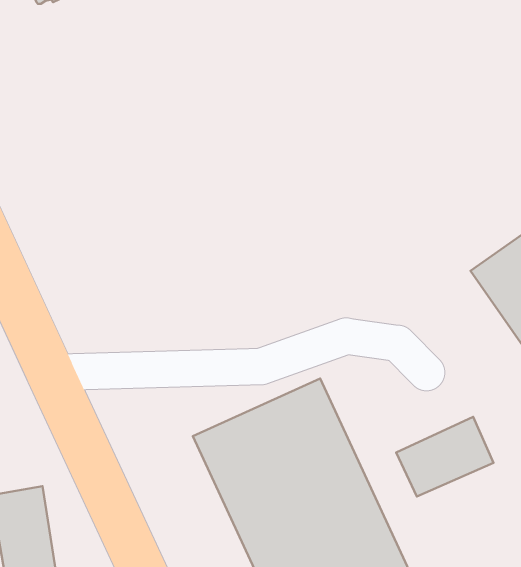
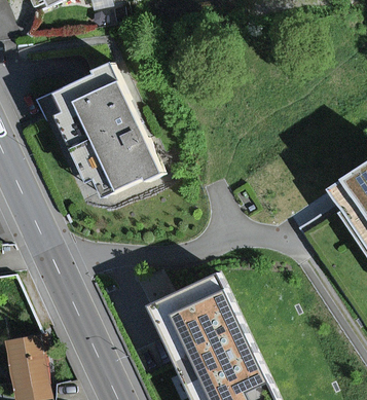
building: none -> [45,60,163,203]
building: [396,417,494,497] -> none

